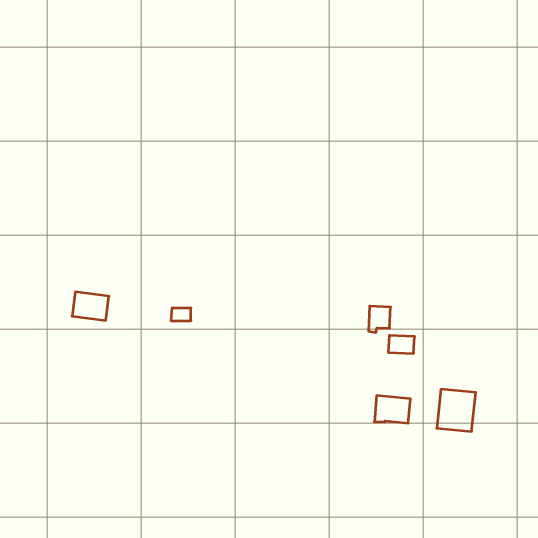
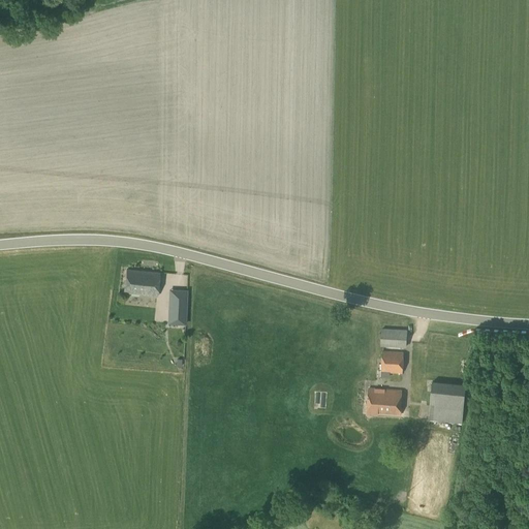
building: [72,292,109,320] -> [124,269,160,297]
building: [369,306,391,332] -> [382,350,404,376]

